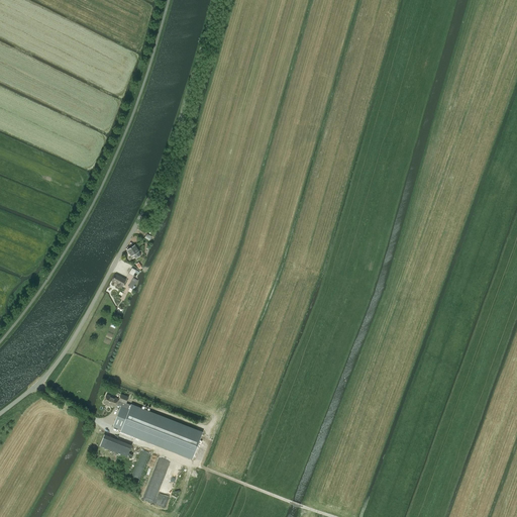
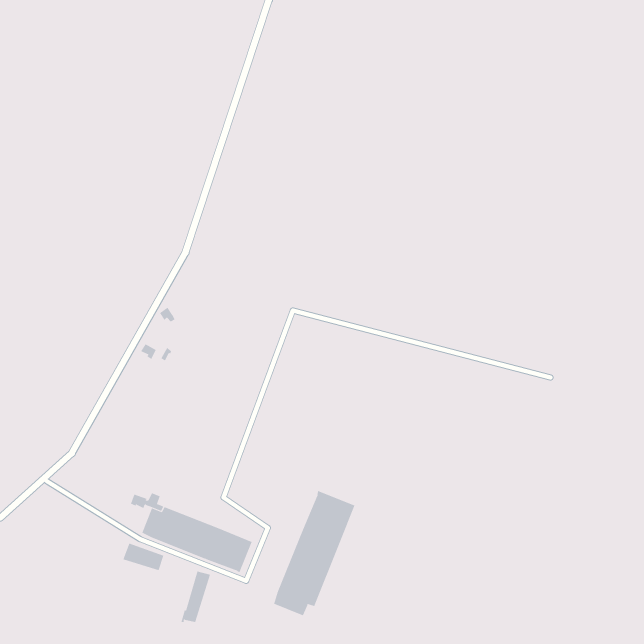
building: none -> [273,490,355,616]

